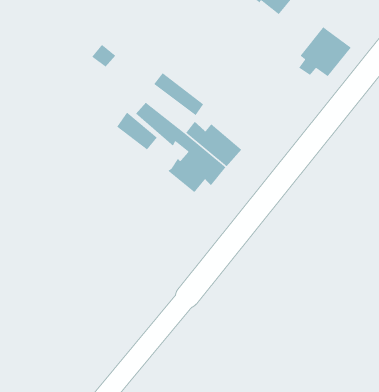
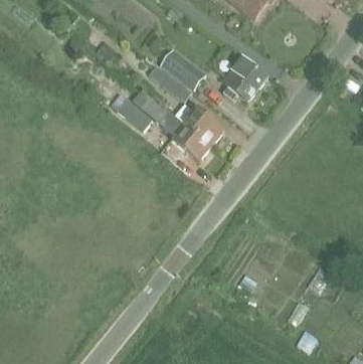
building: [298,26,352,77] -> [222,57,267,101]
building: none -> [159,48,207,89]

